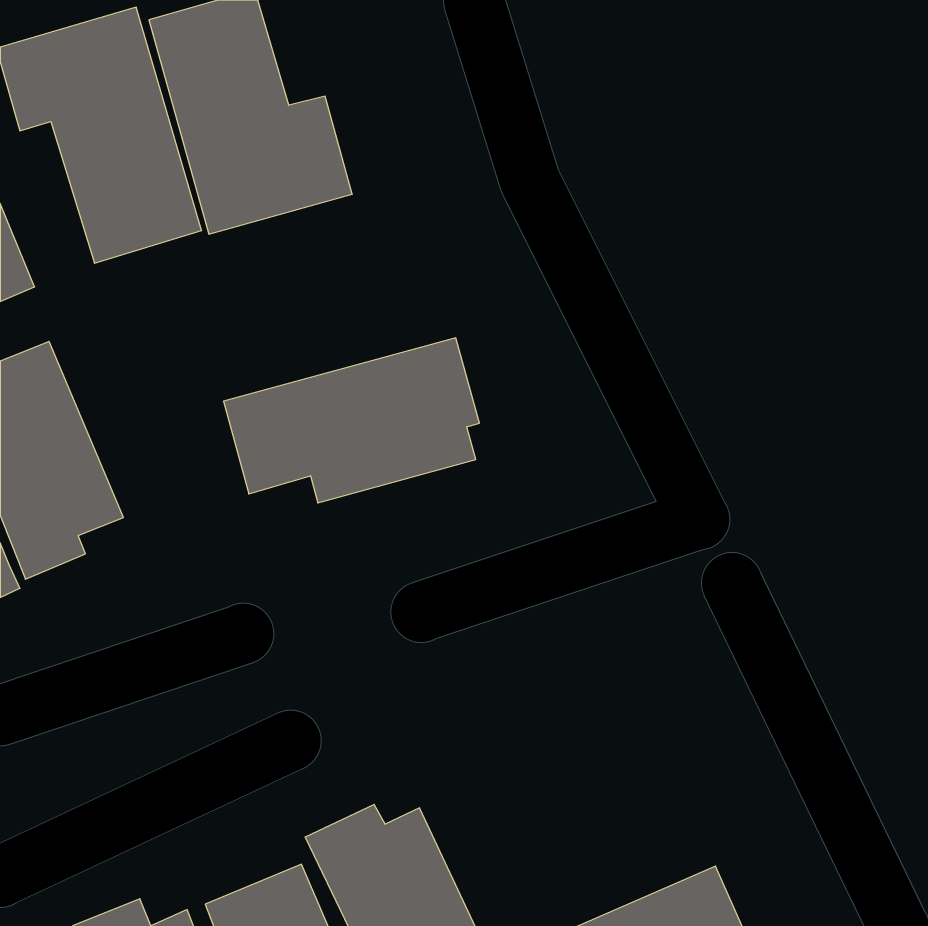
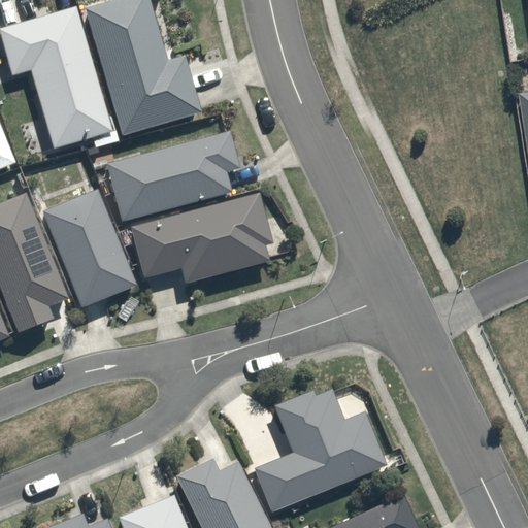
building: none -> [108,130,241,223]
building: none -> [38,187,137,308]
building: none -> [256,387,386,508]

